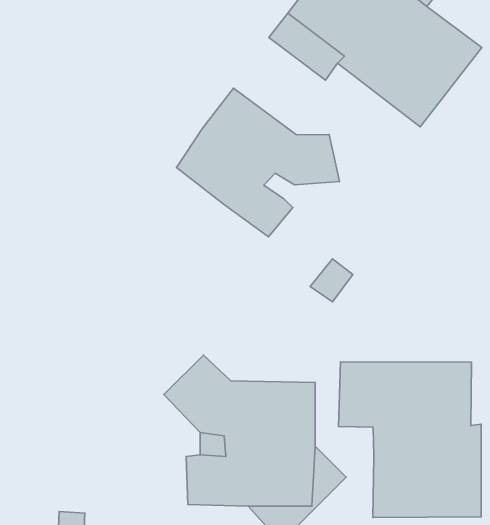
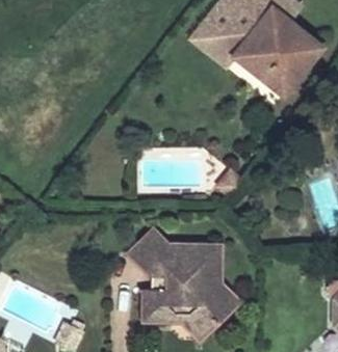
building: [176,88,339,237] -> none
building: [339,362,481,517] -> none

